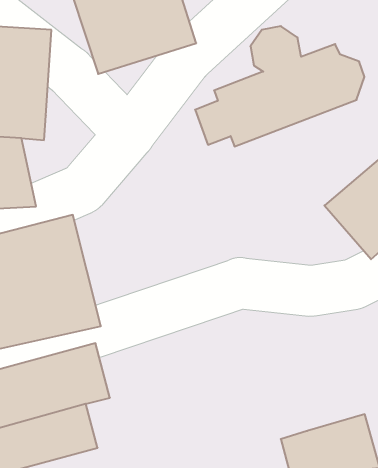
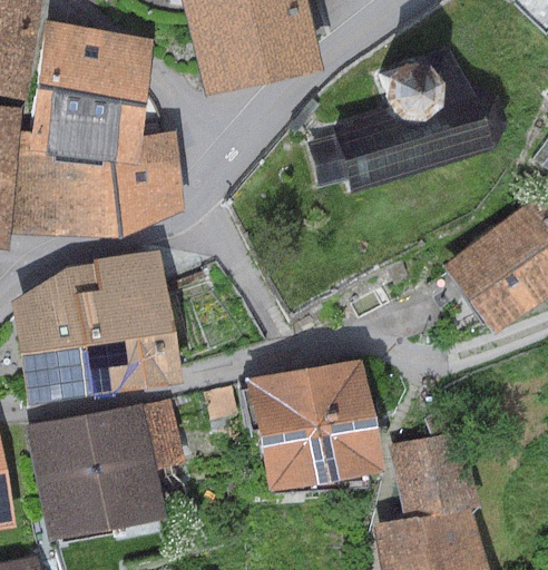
building: none -> [108,131,183,238]
building: none -> [246,360,380,491]
building: none -> [391,433,477,520]

